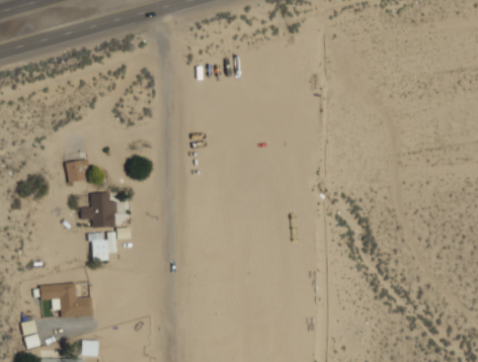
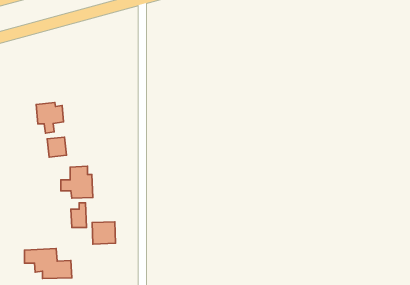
building: none -> [36,102,64,133]
building: none -> [92,222,115,244]

